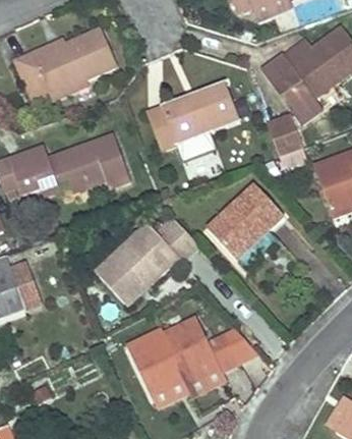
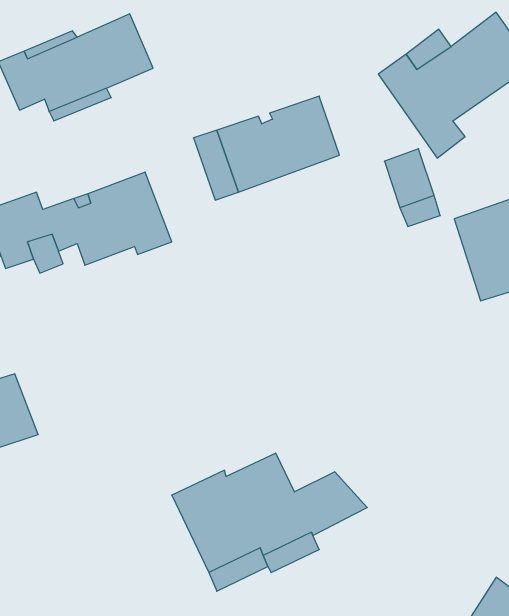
building: [207,183,284,261] -> none
building: [95,216,198,305] -> none

